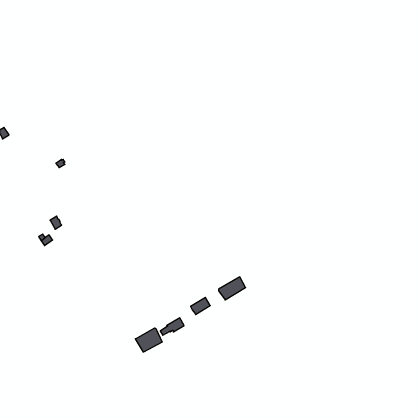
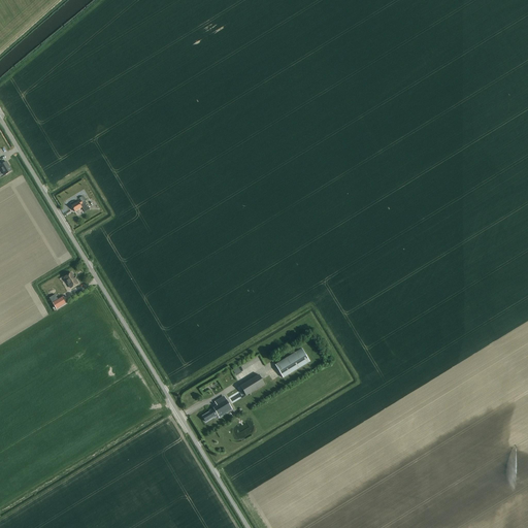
building: [135,328,162,352] -> none

